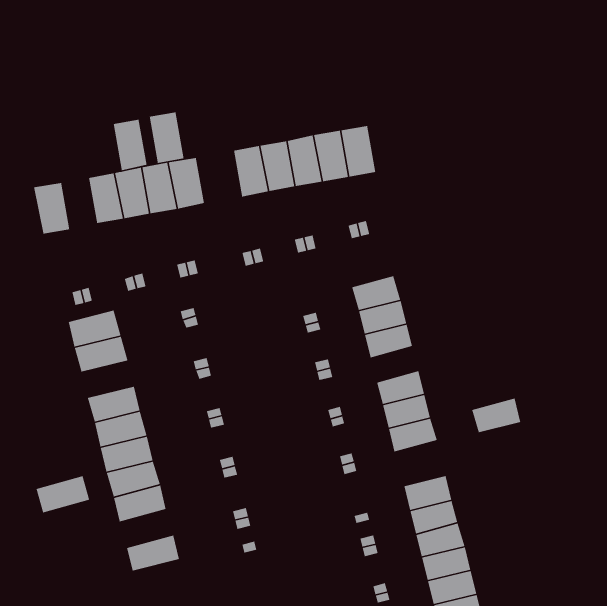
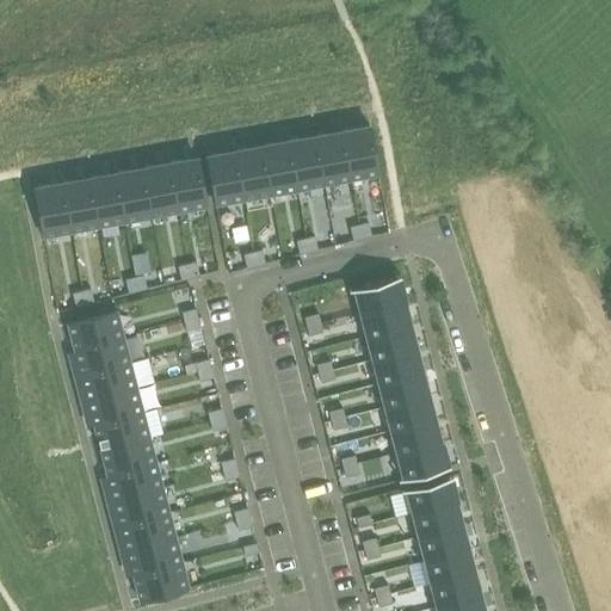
building: [149,111,185,164] -> [208,153,243,205]
building: [113,119,147,171] -> [63,180,98,233]
building: none -> [372,350,421,385]
building: none -> [82,364,136,401]
building: [471,397,521,433] -> [396,444,446,480]
building: [35,475,90,513] -> [121,513,175,551]
building: none -> [134,563,189,601]

